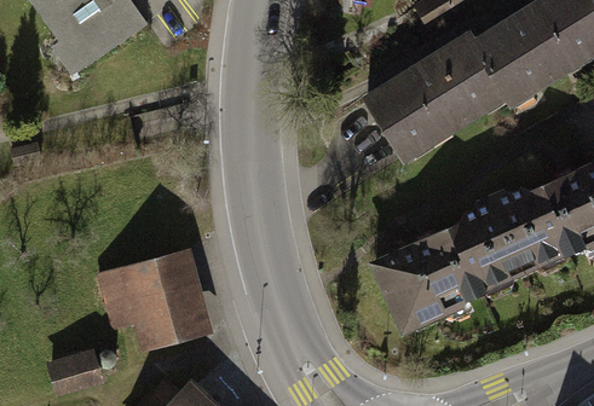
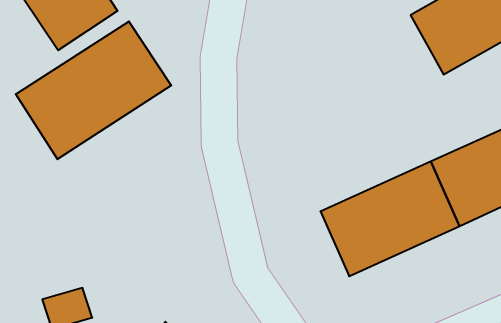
building: [369,33,512,160] -> none
building: none -> [16,21,171,159]
building: [98,259,204,355] -> none

